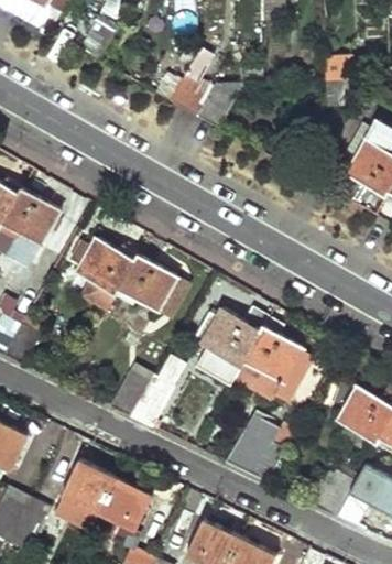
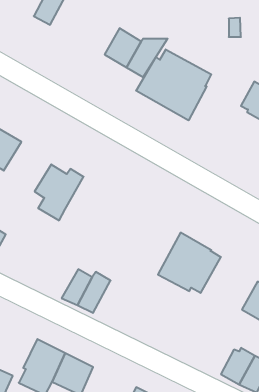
building: none -> [136,49,211,120]
building: [116,254,177,311] -> none
building: [194,308,261,388] -> none
building: [225,414,291,481] -> none

